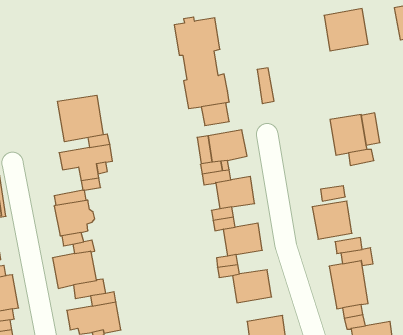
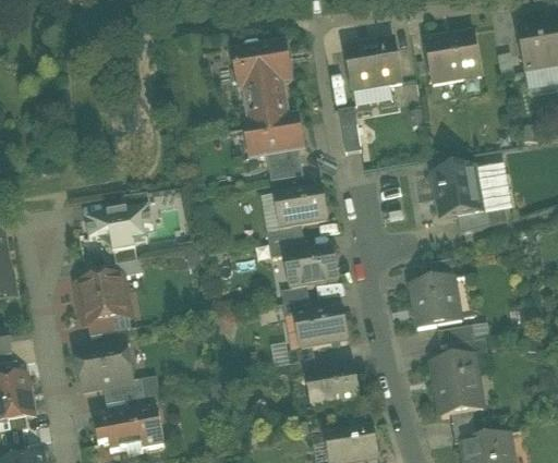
building: none -> [344,37,401,90]
building: [58,95,103,142] -> none

